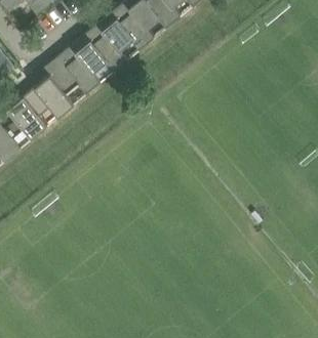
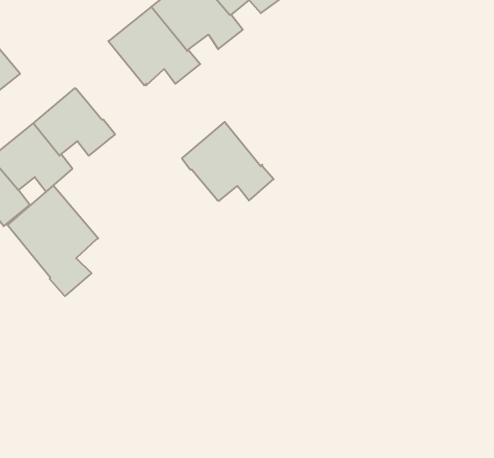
building: [43,46,101,95] -> [182,122,274,201]
building: none -> [7,186,98,296]

